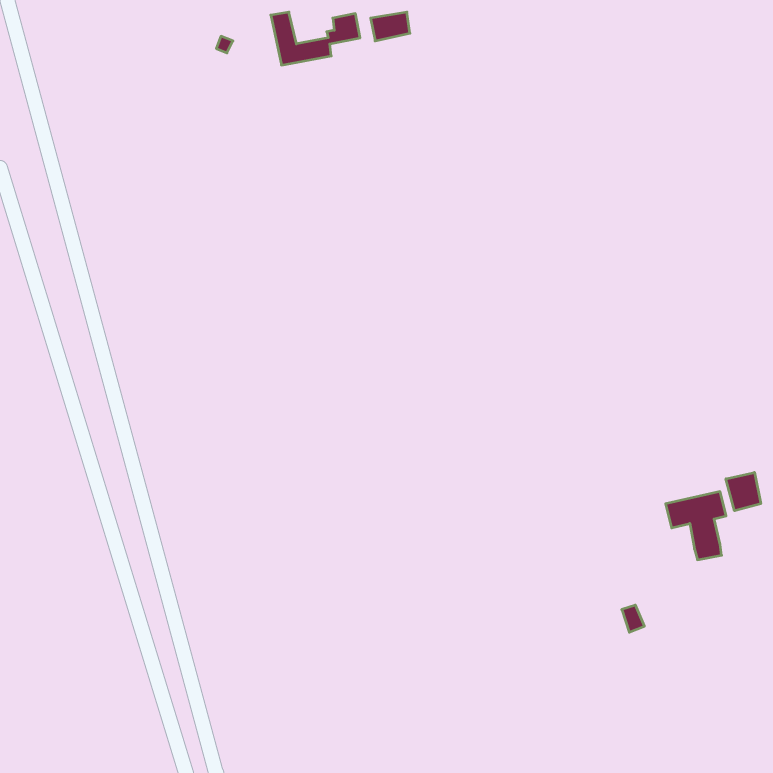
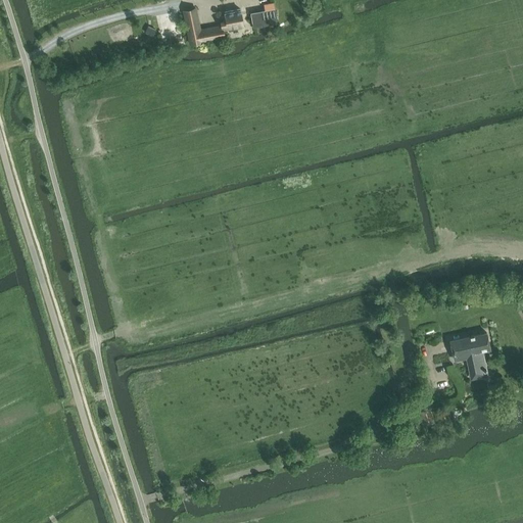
building: [726,472,761,511] -> none

